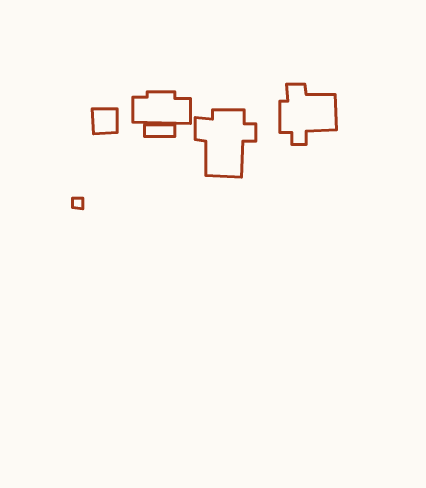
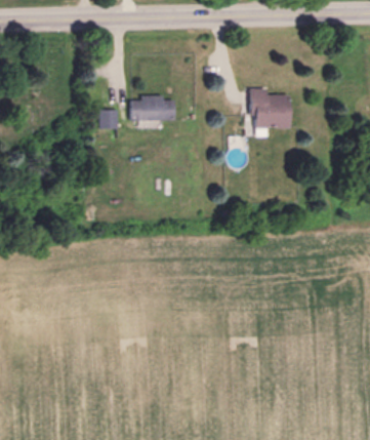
building: [195,110,256,177] -> none

